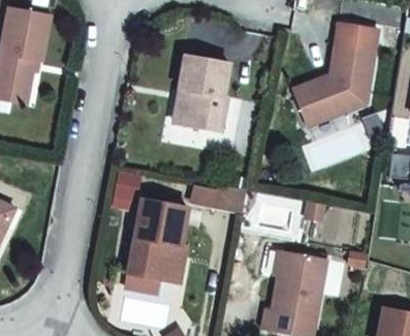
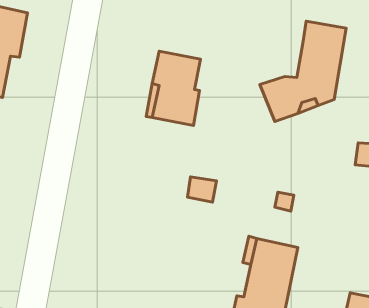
building: [130,197,189,281] -> none

